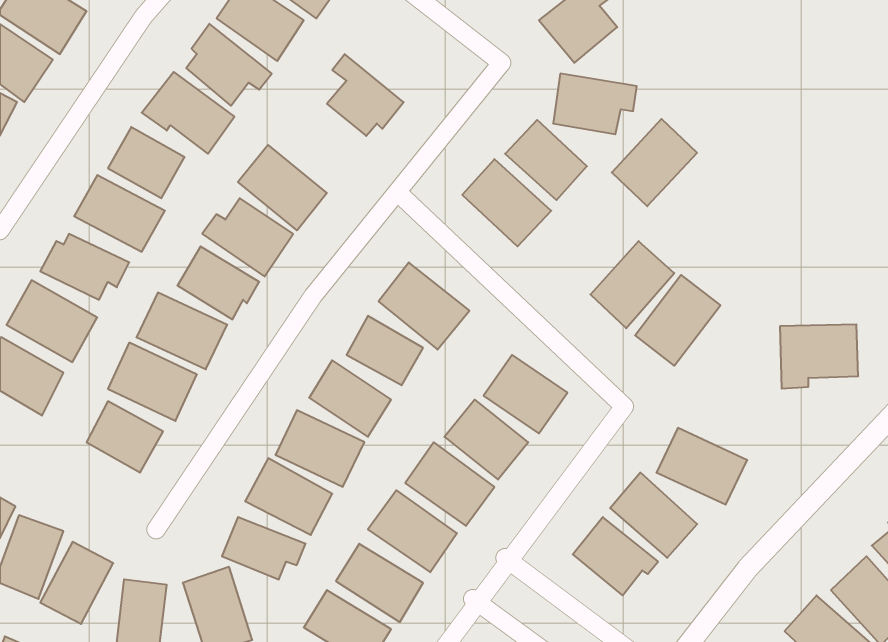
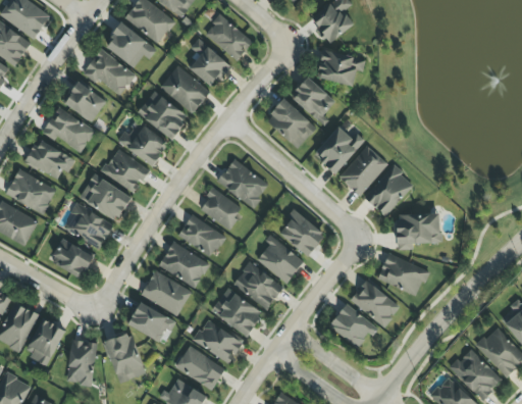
building: none -> [204,13,252,59]
building: none -> [160,64,209,112]
building: [612,119,697,206] -> [313,122,362,172]
building: [780,324,858,389] -> [396,212,440,249]

